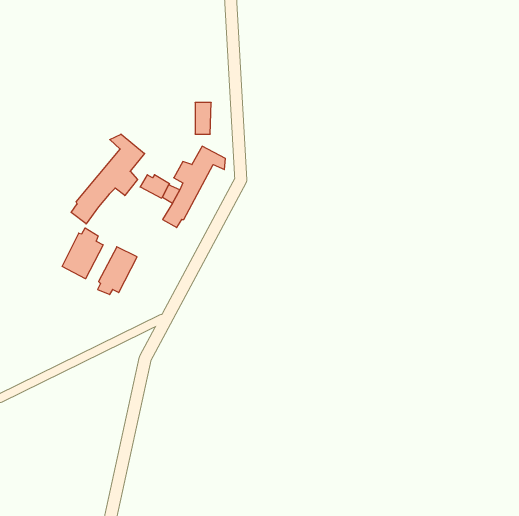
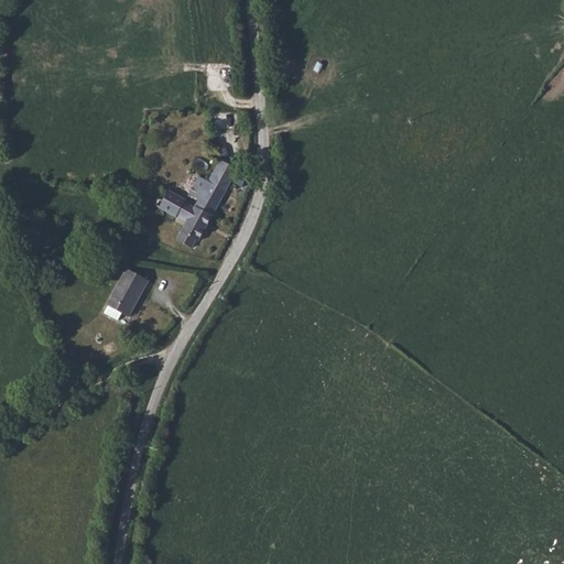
building: [71,134,145,224] -> none
building: [62,228,103,279] -> none

